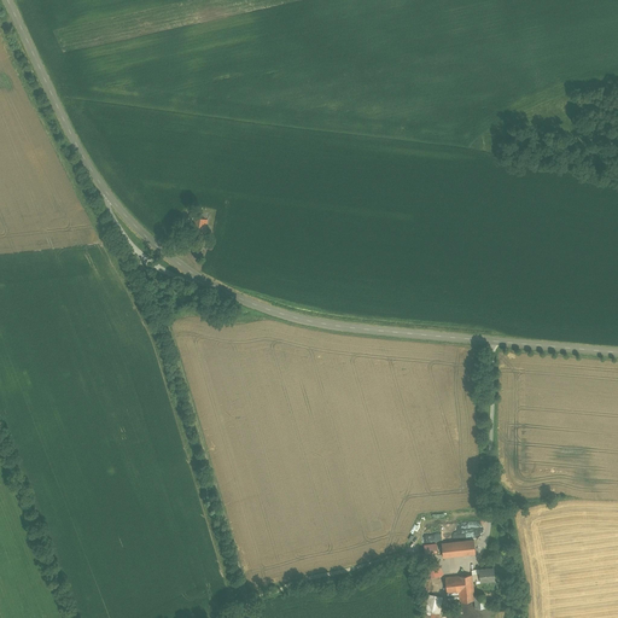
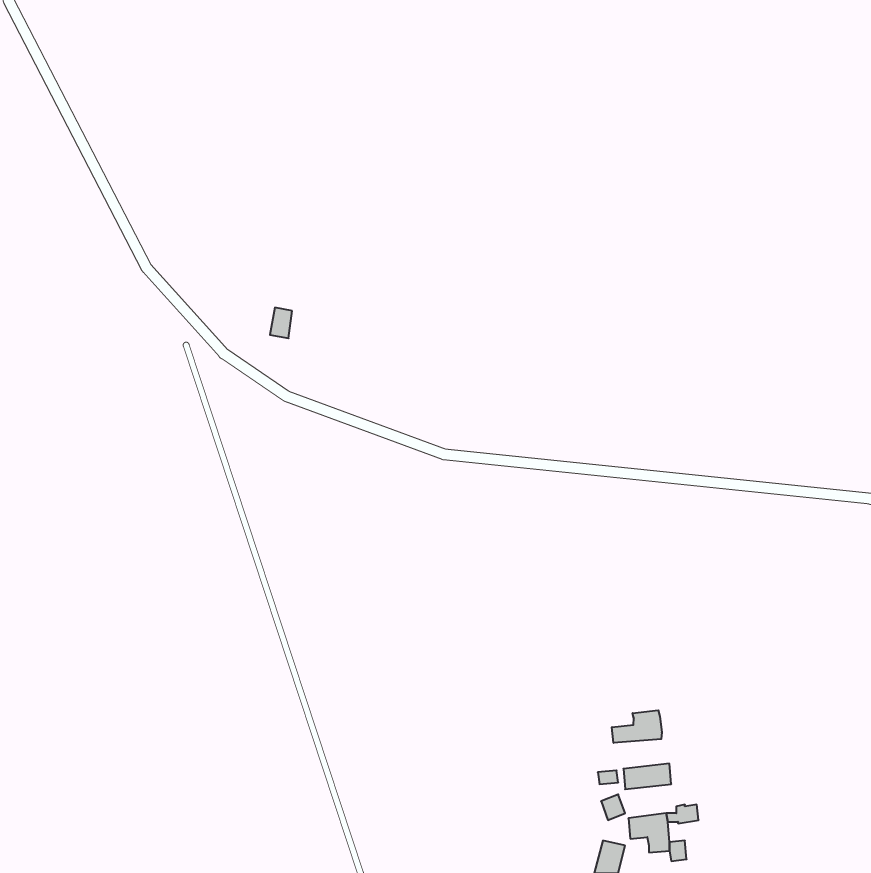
building: none -> [612,710,662,743]

